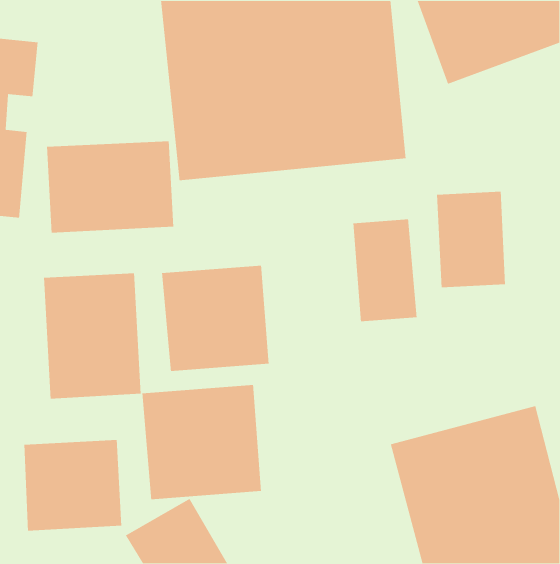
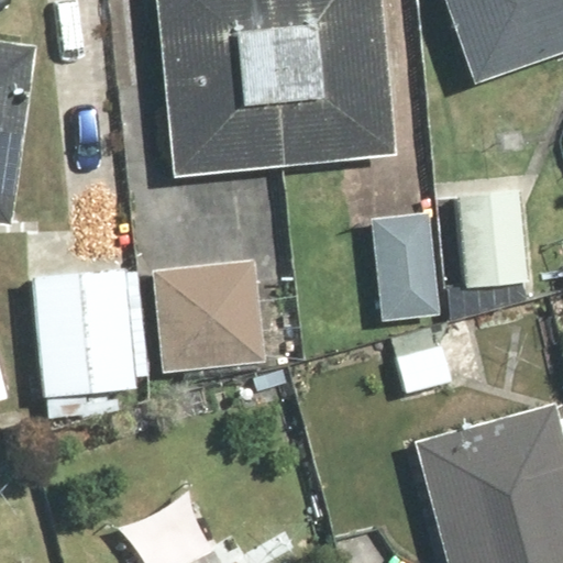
building: [46,141,174,234] -> none
building: [142,384,262,500] -> none
building: [24,439,122,531] -> none

